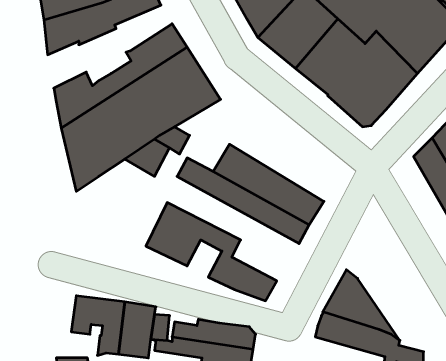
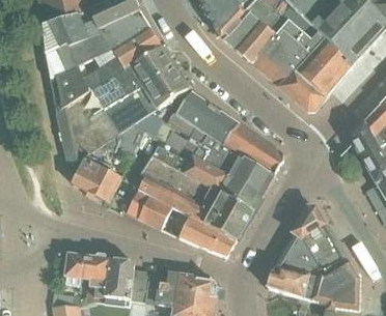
building: none -> [45,10,148,80]
building: none -> [174,90,283,174]
building: none -> [68,153,121,202]
building: none -> [142,153,254,240]
building: none -> [294,204,359,299]

